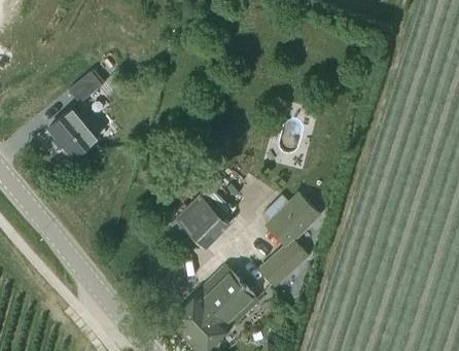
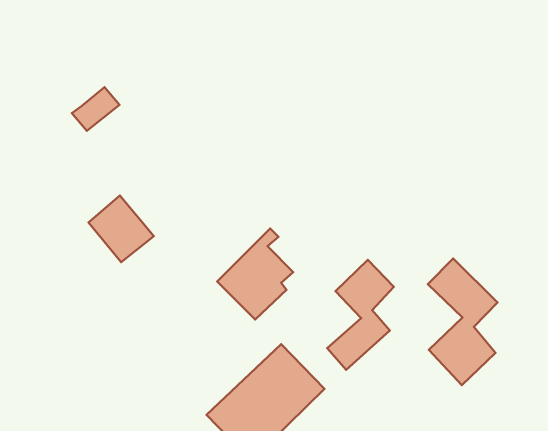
building: [48,108,98,159] -> [89,195,154,262]
building: none -> [428,258,497,385]

